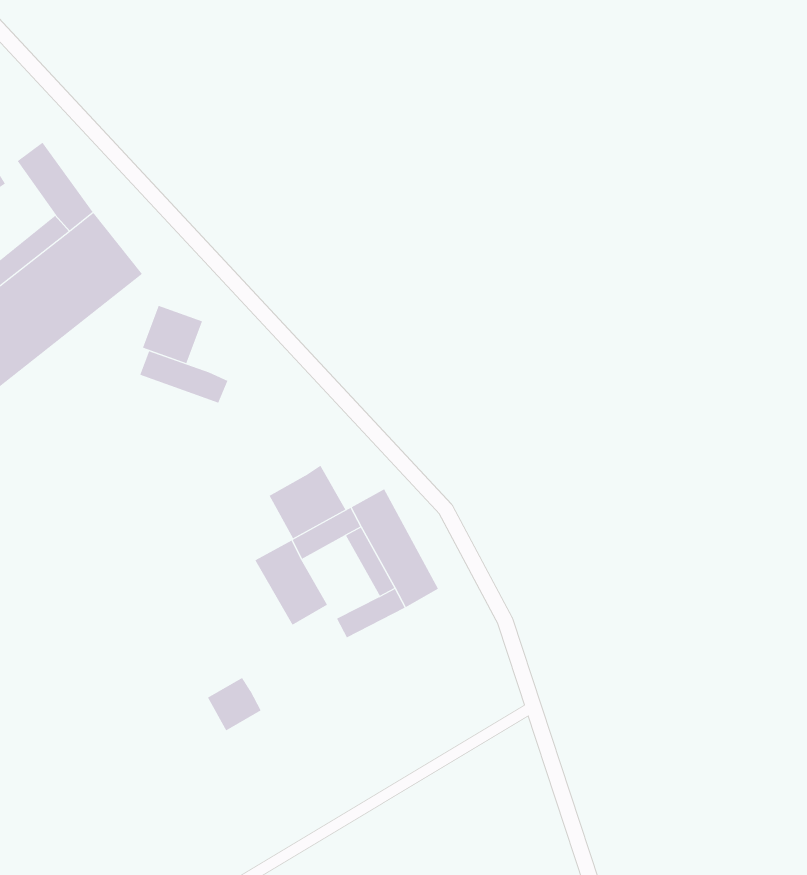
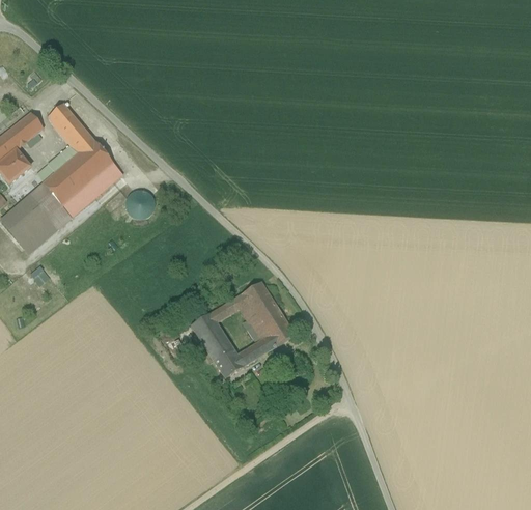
building: [140,351,228,404] -> none
building: [269,465,346,539] -> none
building: [207,677,261,731] -> [215,347,245,377]

